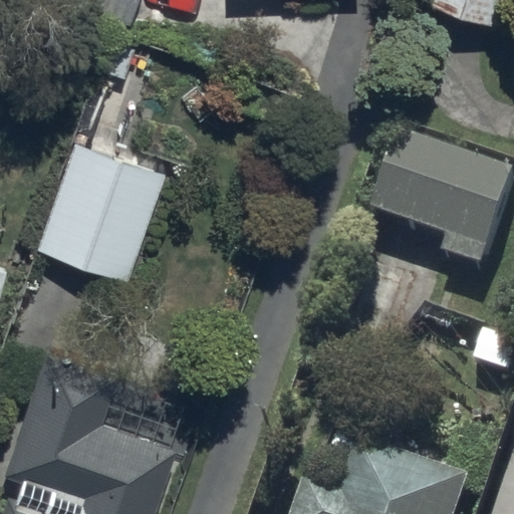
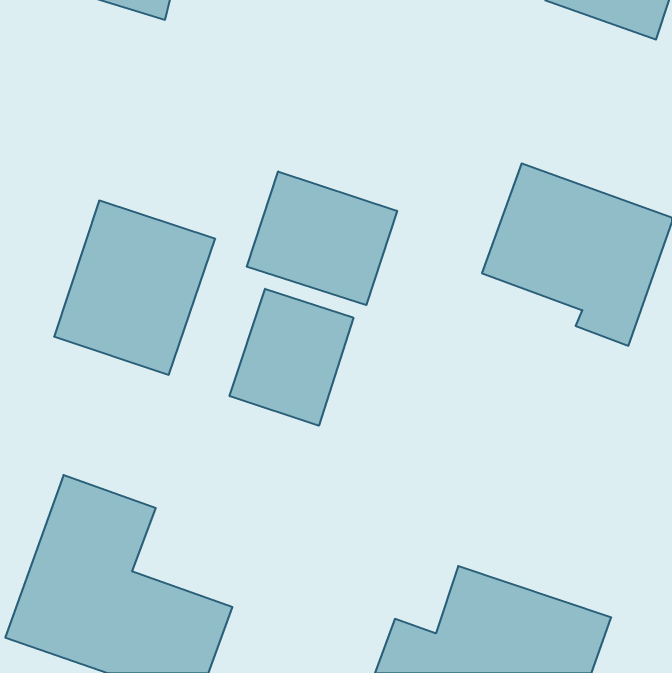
building: none -> [247,171,397,305]
building: none -> [230,289,353,426]

